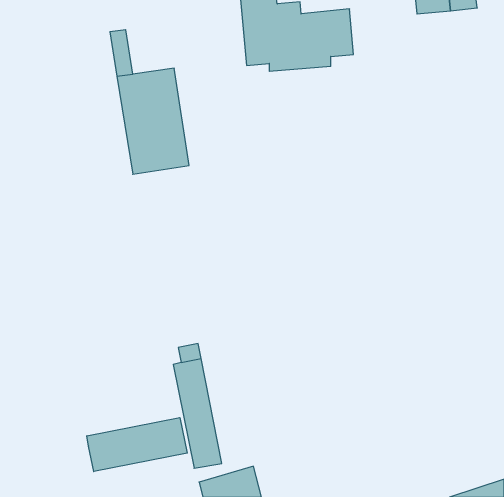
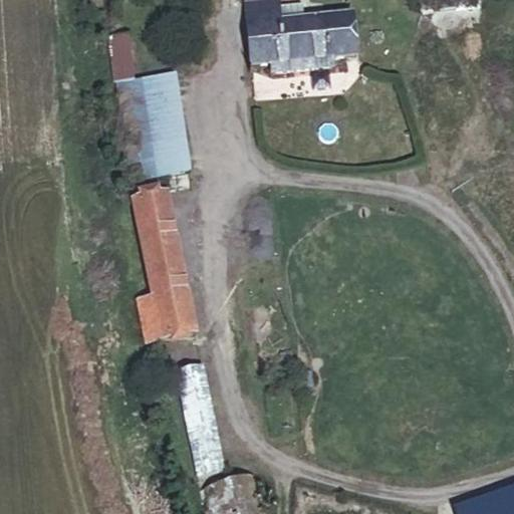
building: none -> [132,189,198,340]
building: [87,418,187,472] -> none

